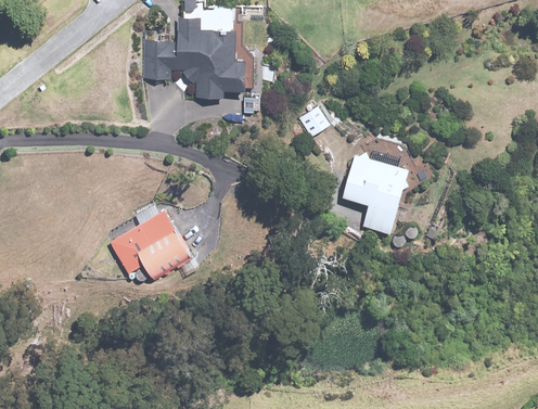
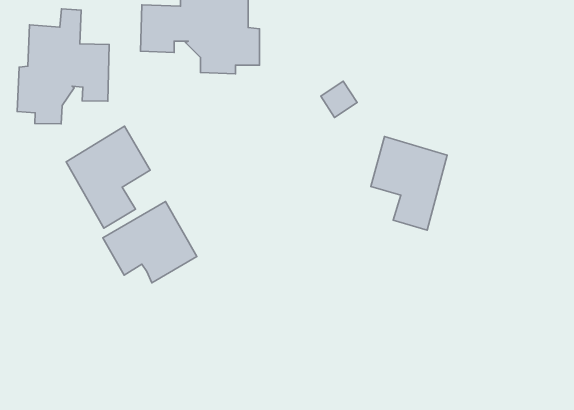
building: none -> [17,9,109,124]
building: none -> [66,126,150,228]

